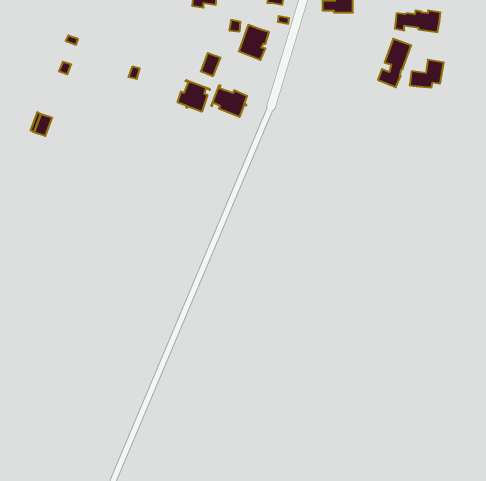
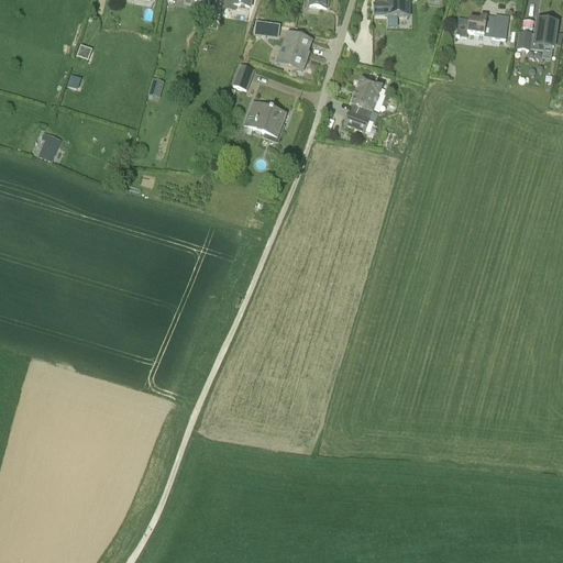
building: [378,39,411,87] -> [344,74,383,130]
building: [410,60,444,87] -> [517,16,556,48]
building: [178,80,210,112] -> none

